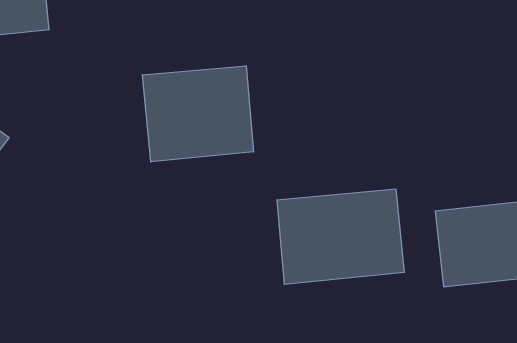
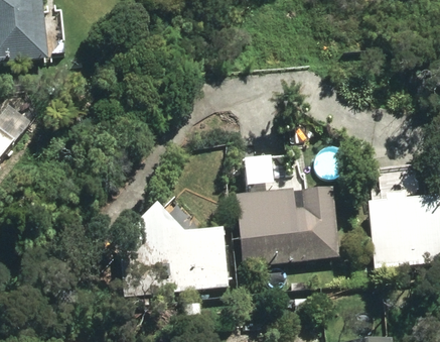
building: [142,66,253,162] -> none
building: none -> [119,204,228,291]

